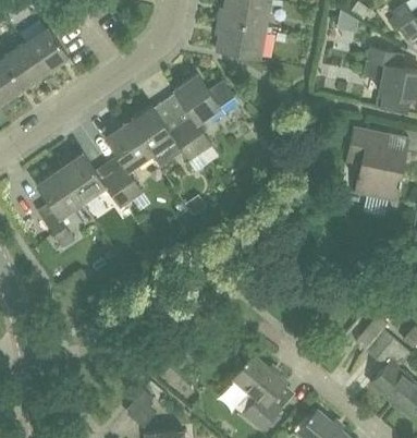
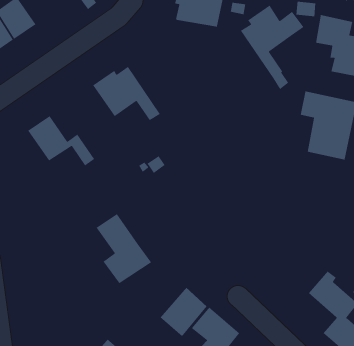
building: [165,73,234,163] -> [240,5,305,90]
building: [105,121,151,199] -> none
building: [36,169,96,244] -> [95,213,152,284]
building: none -> [160,287,207,337]

